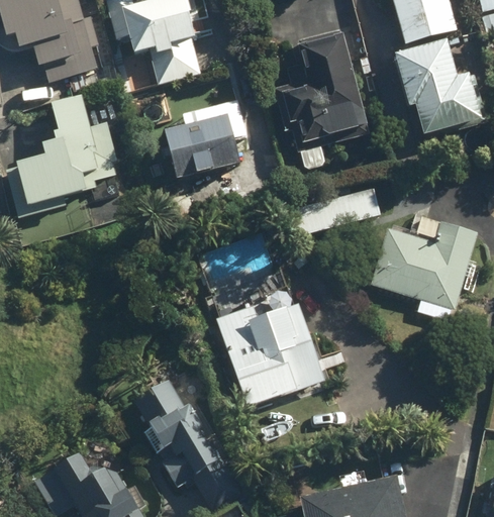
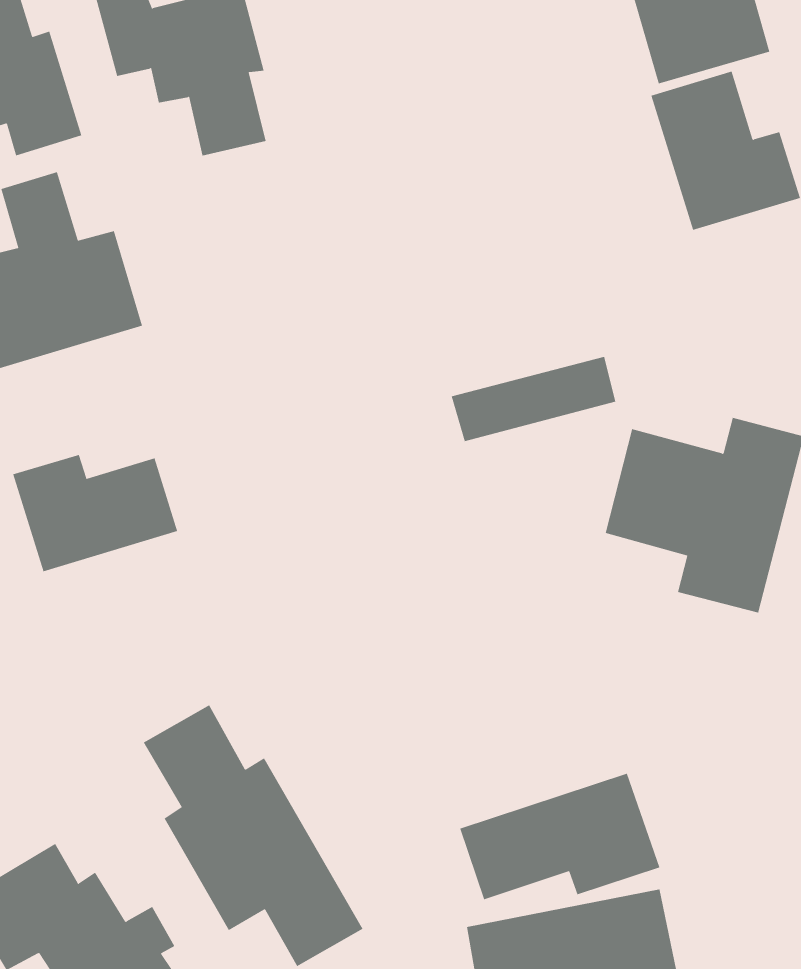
building: [283,29,363,139] -> none
building: [166,100,248,181] -> none
building: none -> [13,454,178,572]
building: [217,302,325,406] -> none
building: none -> [459,773,660,900]

